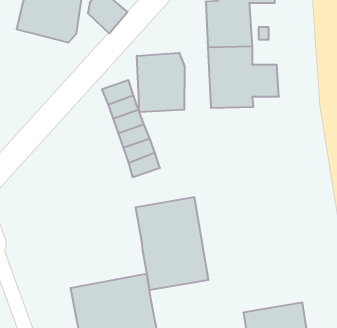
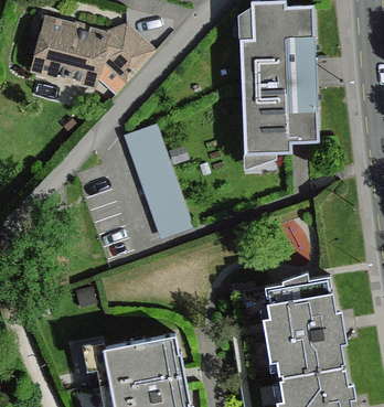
building: [137,53,184,112] -> none
building: [135,197,209,290] -> [264,276,343,376]

